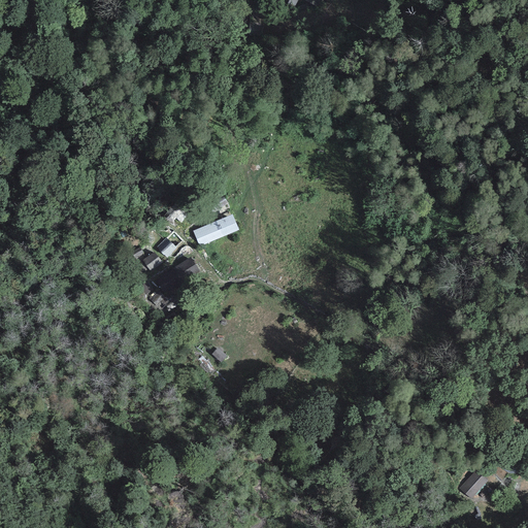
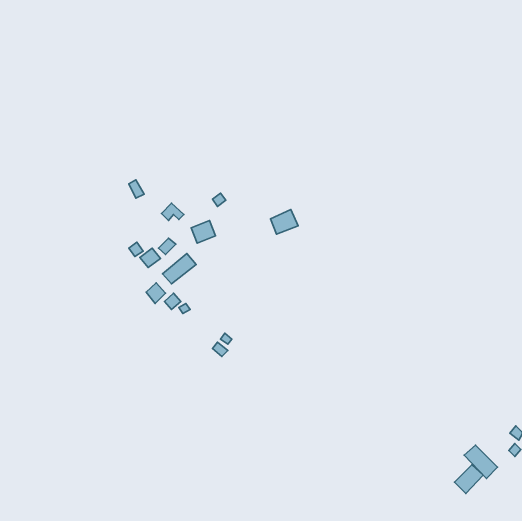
building: [211,213,239,238] -> [270,210,298,234]
building: none -> [464,445,498,478]

